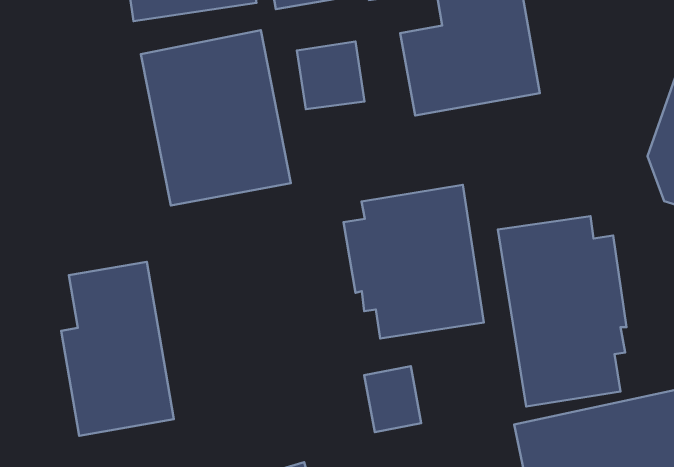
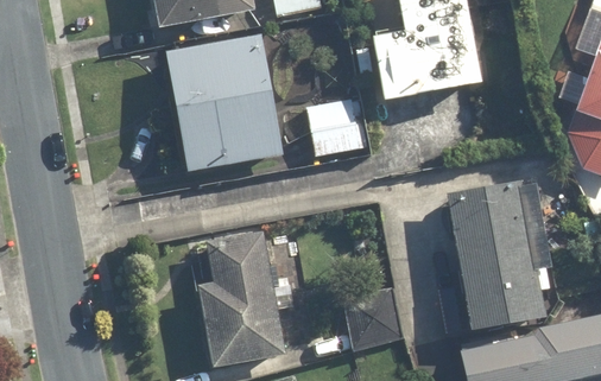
building: [297,42,364,109] -> [306,100,360,153]
building: [343,185,484,339] -> none
building: [61,262,174,436] -> [198,230,287,368]

